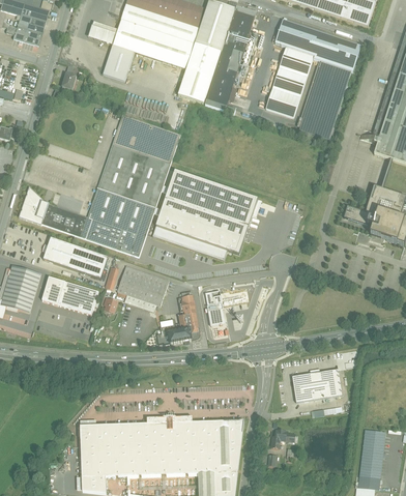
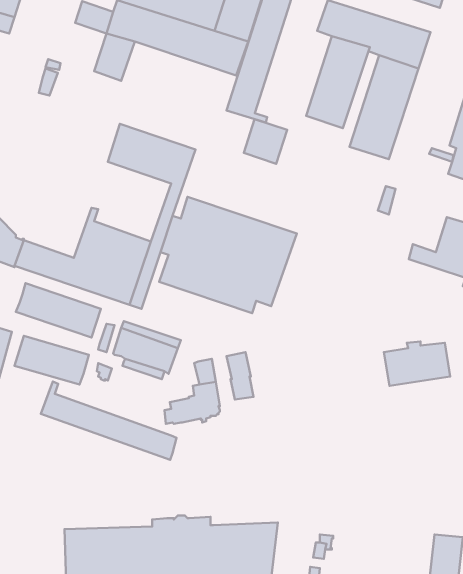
building: [178,68,211,103] -> [244,119,287,164]
building: [100,143,162,204] -> none
building: none -> [41,381,177,460]
building: [291,368,342,402] -> [384,341,450,386]

